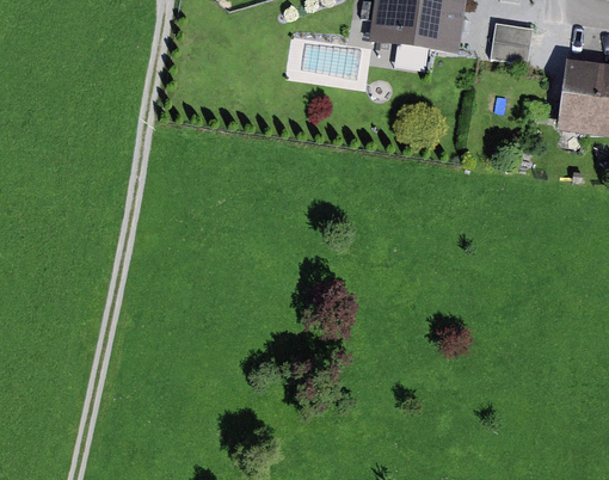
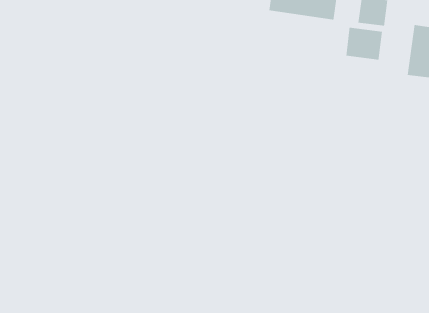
building: none -> [346,27,382,60]

